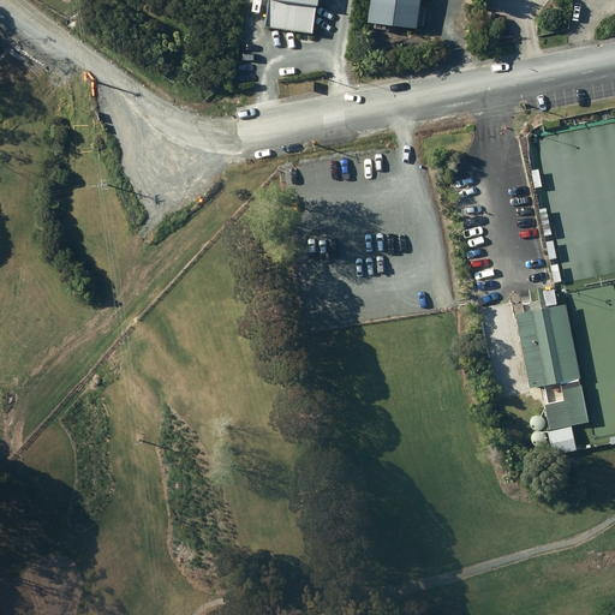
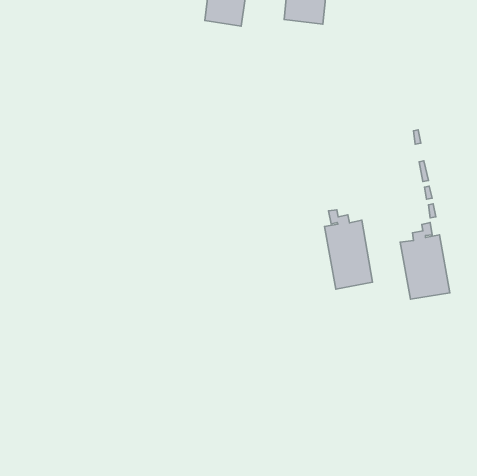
building: none -> [325,210,373,289]
building: [544,382,589,452] -> none

